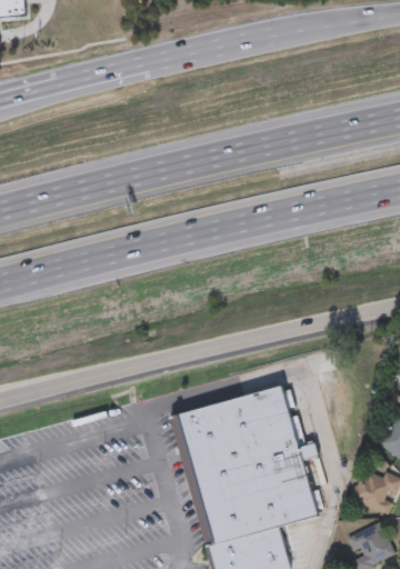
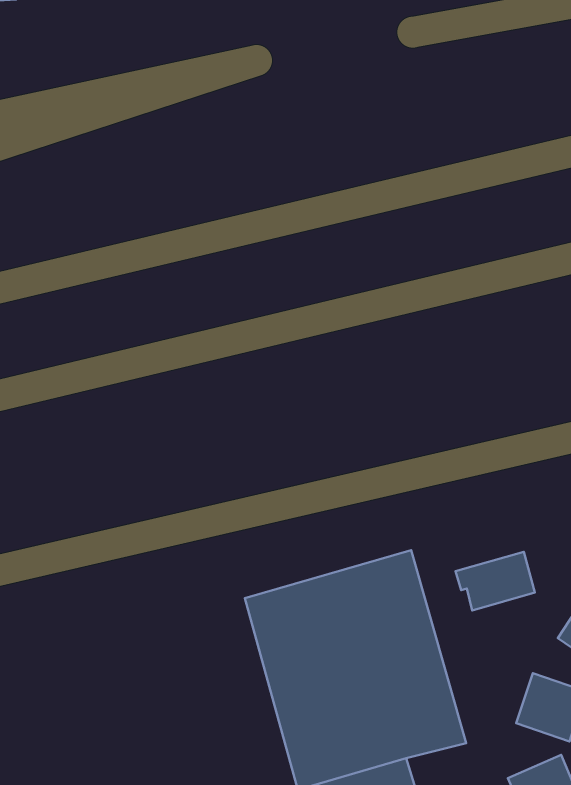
building: none -> [455,552,535,610]

